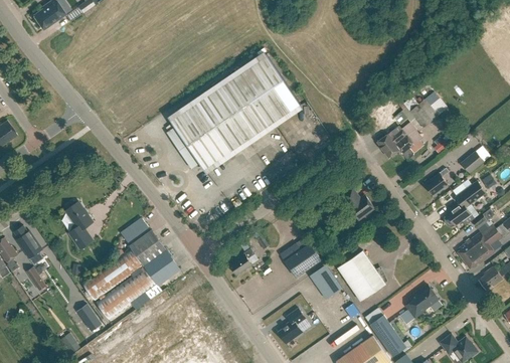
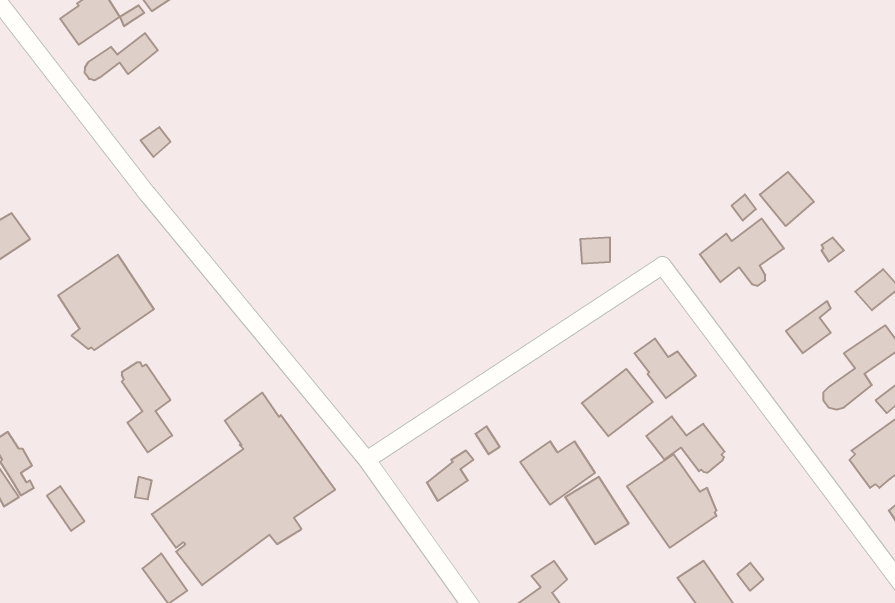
building: none -> [85,33,158,80]
building: [167,54,301,170] -> none
building: none -> [58,255,154,350]
building: none -> [582,369,653,436]
building: [14,225,42,258] -> none
building: none -> [646,416,725,473]
building: [406,285,439,318] -> none

